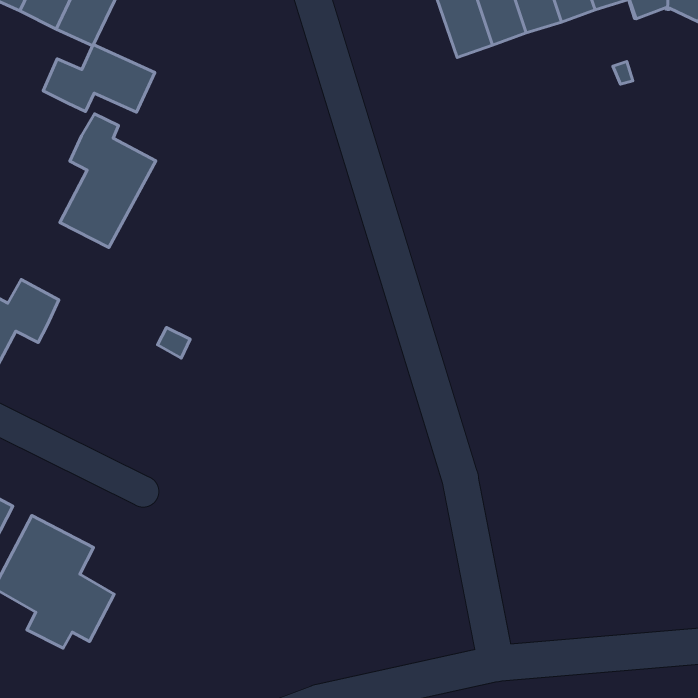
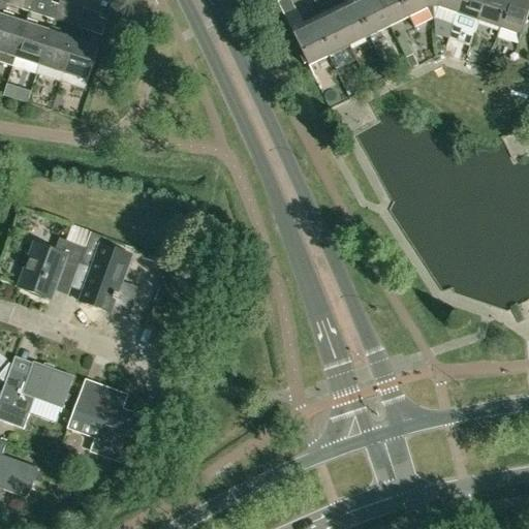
building: [43,45,155,112] -> none
building: [60,114,156,247] -> [79,229,132,310]

